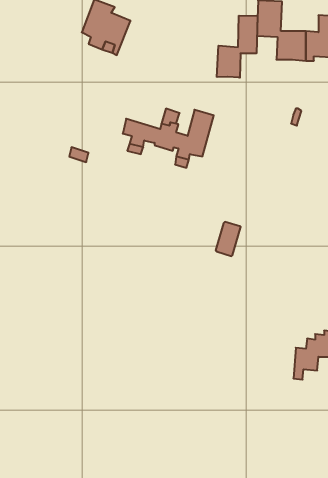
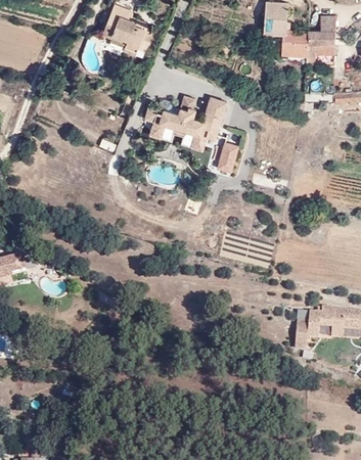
building: [217,16,258,78] -> none
building: [216,222,241,256] -> [215,147,237,178]

